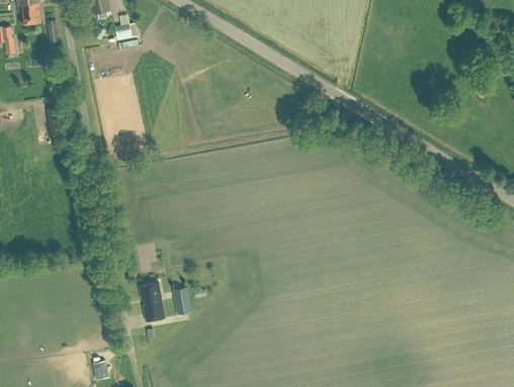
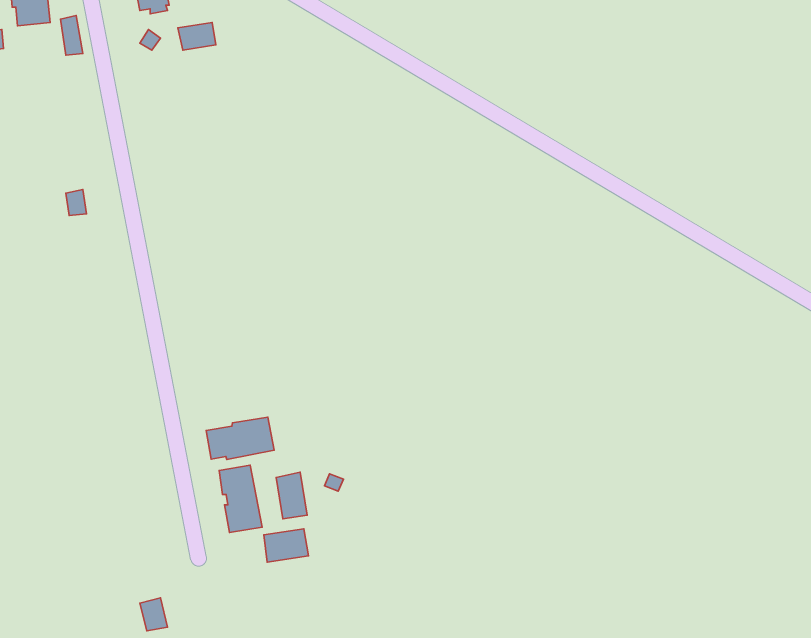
building: none -> [206,417,274,459]
building: none -> [264,529,309,562]

